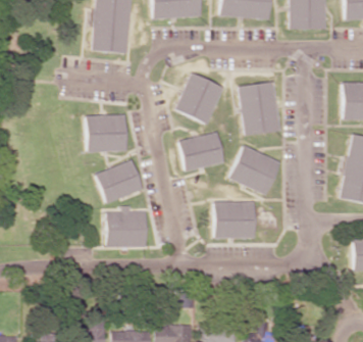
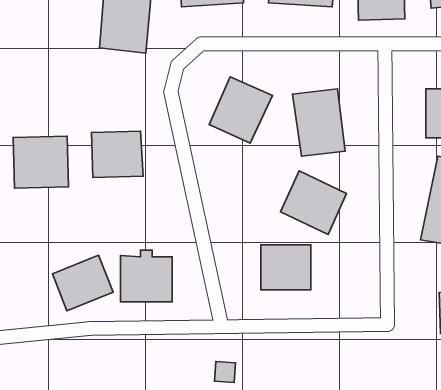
building: none -> [13,136,69,188]
building: [179,133,224,172] -> none
building: [95,160,142,203] -> [52,255,113,311]

